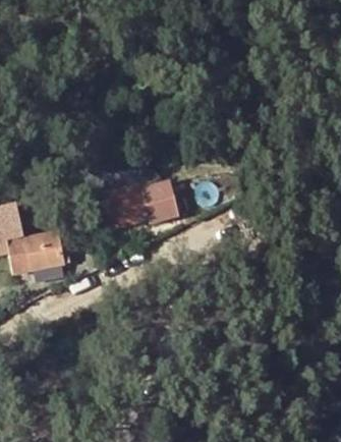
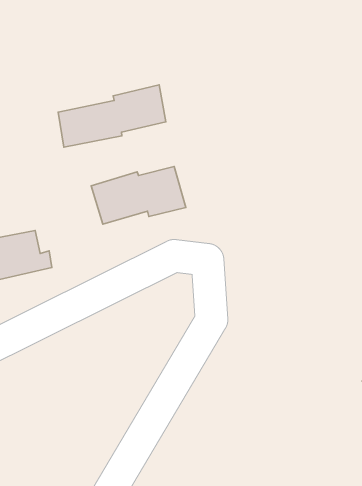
building: none -> [58,85,166,147]

